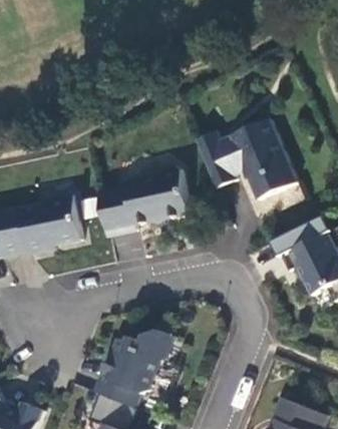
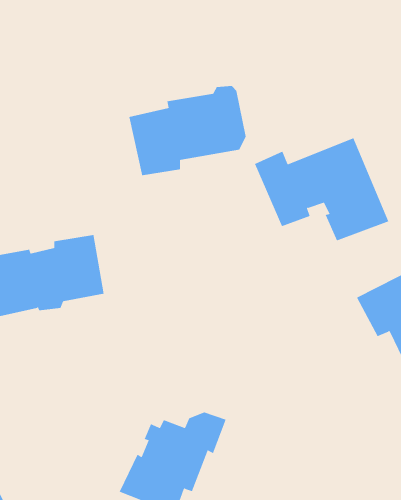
building: [97,165,188,235] -> [128,85,246,176]

